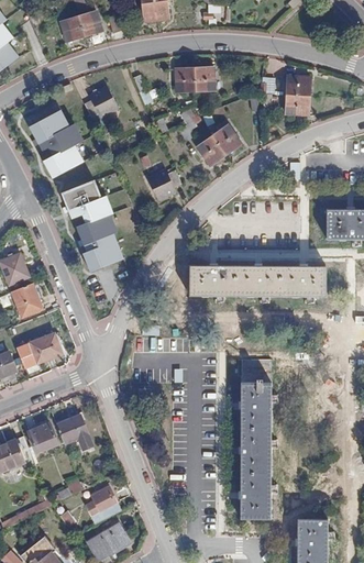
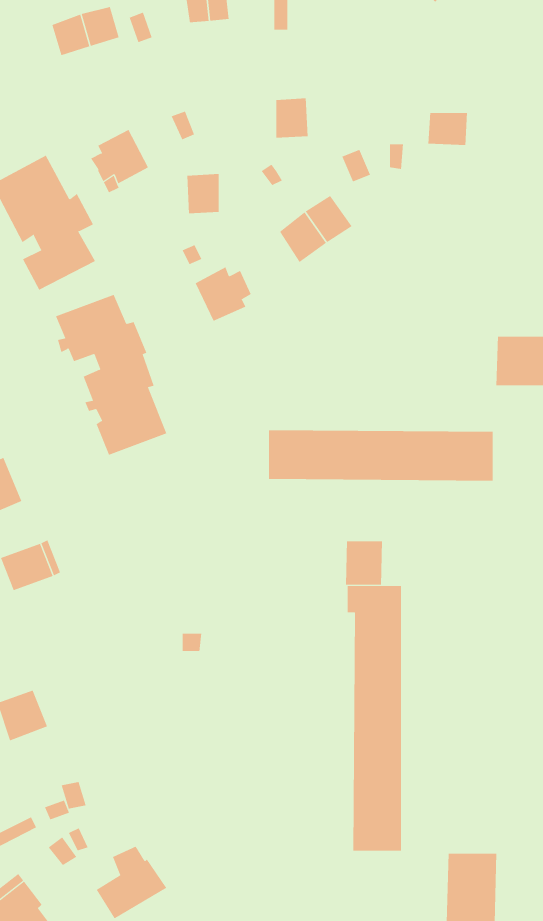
building: [175,67,195,91] -> [186,174,219,214]
building: [286,93,309,114] -> none
building: none -> [345,540,383,585]
building: [56,415,92,449] -> none
building: [85,486,117,516] -> none

